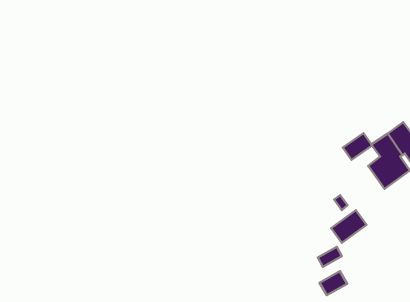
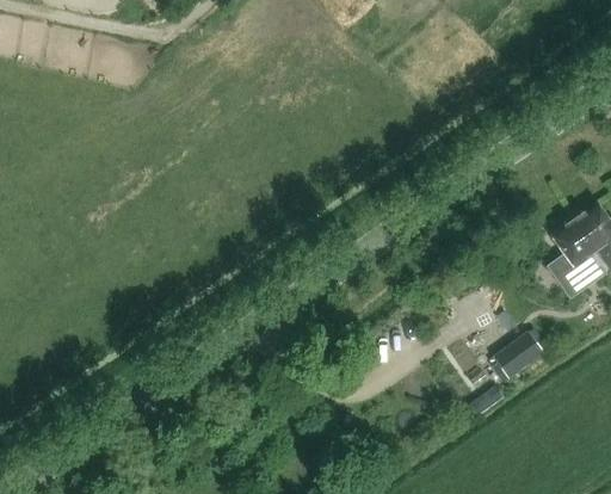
building: [343,133,372,160] -> none
building: [320,271,347,295] -> none

